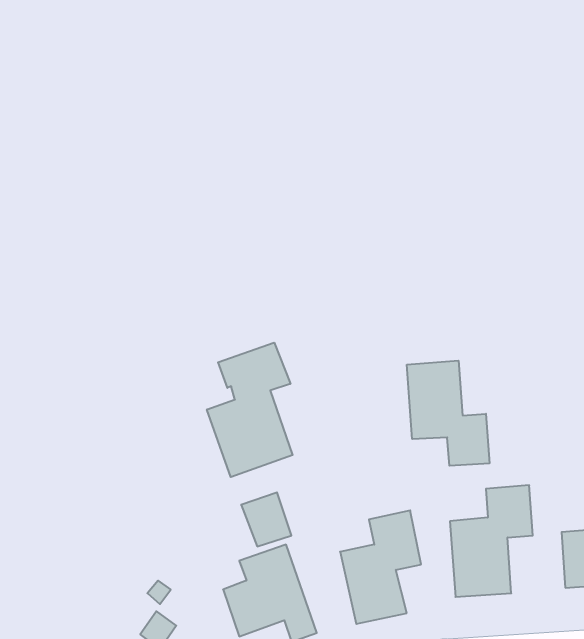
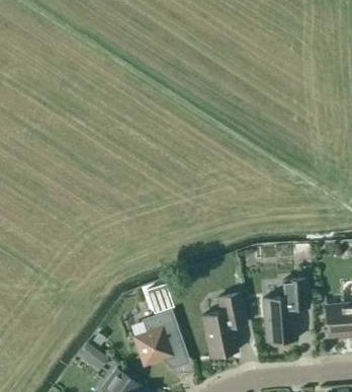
building: [207,343,293,477] -> none
building: [407,361,489,466] -> none

